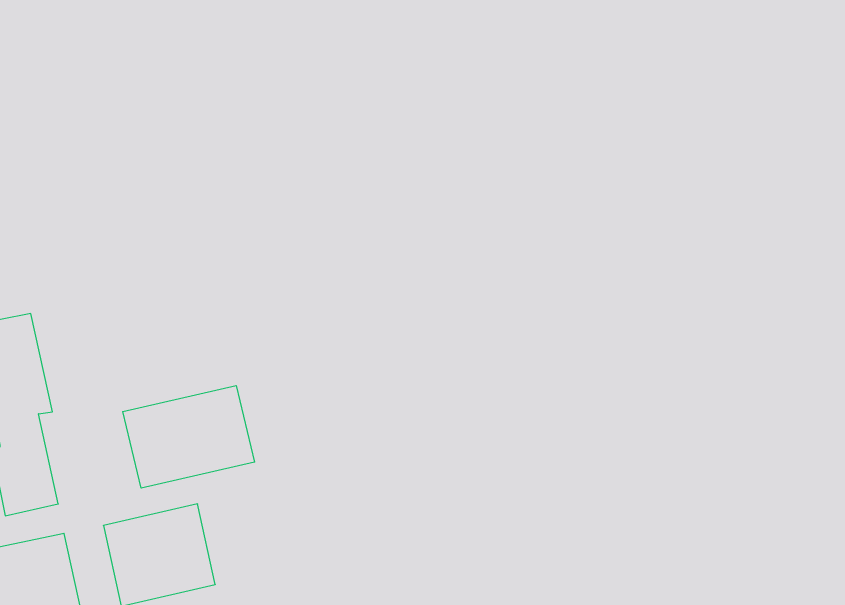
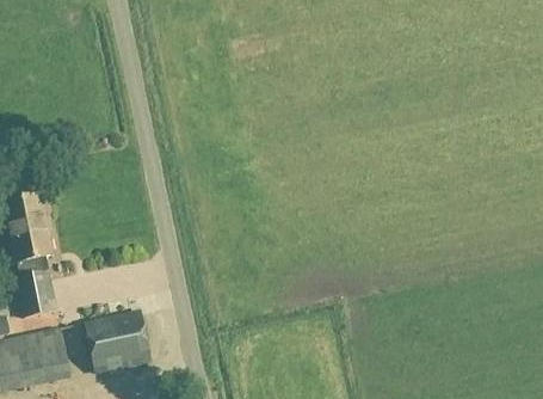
building: [123,386,255,488] -> none

